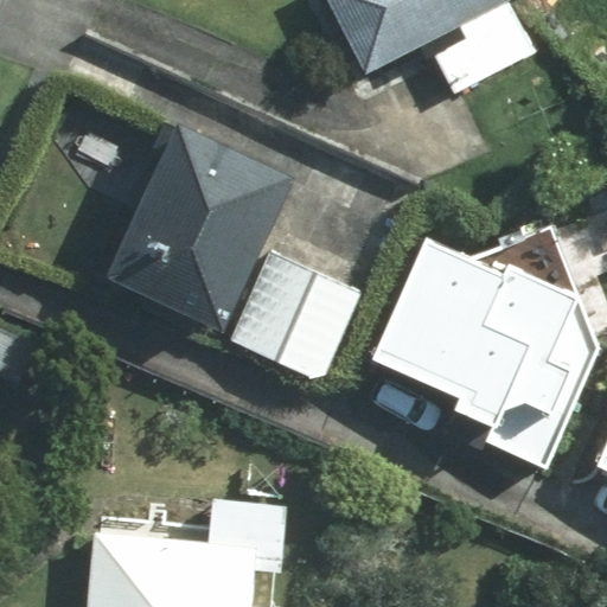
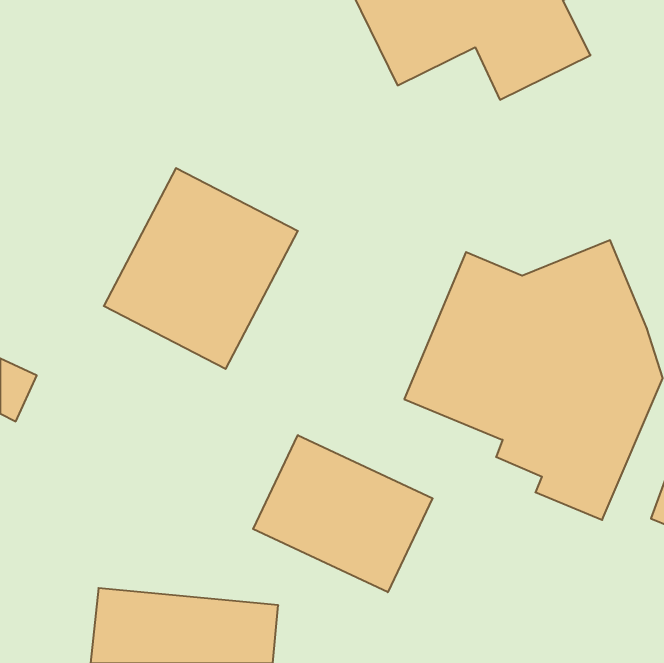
building: [242,243,370,378] -> none
building: none -> [253,435,433,592]

